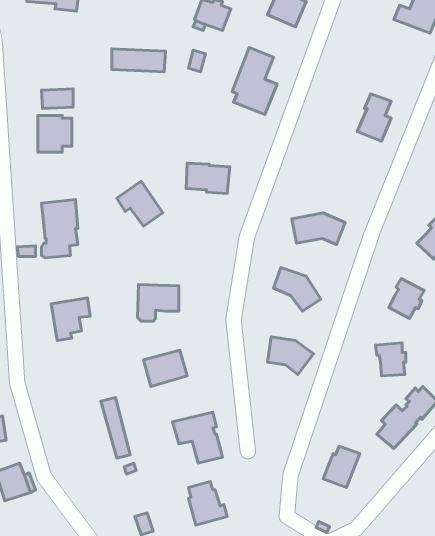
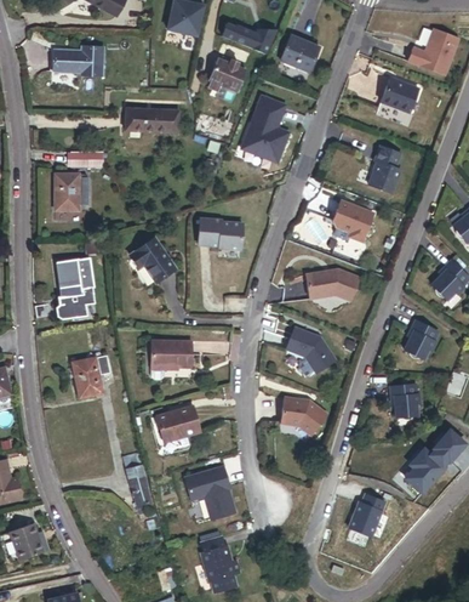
building: none -> [383,85,419,120]
building: none -> [337,203,377,244]

